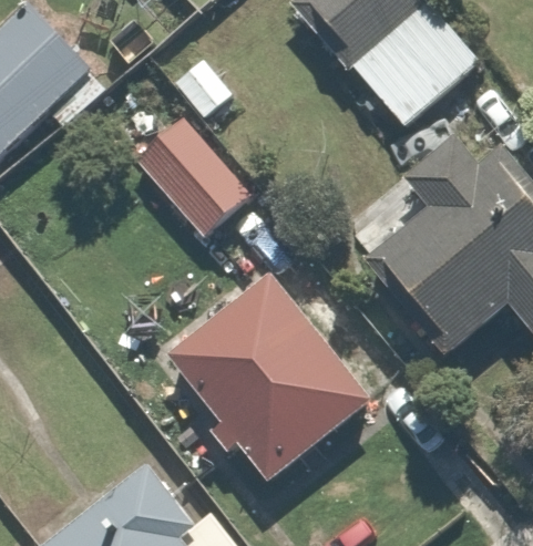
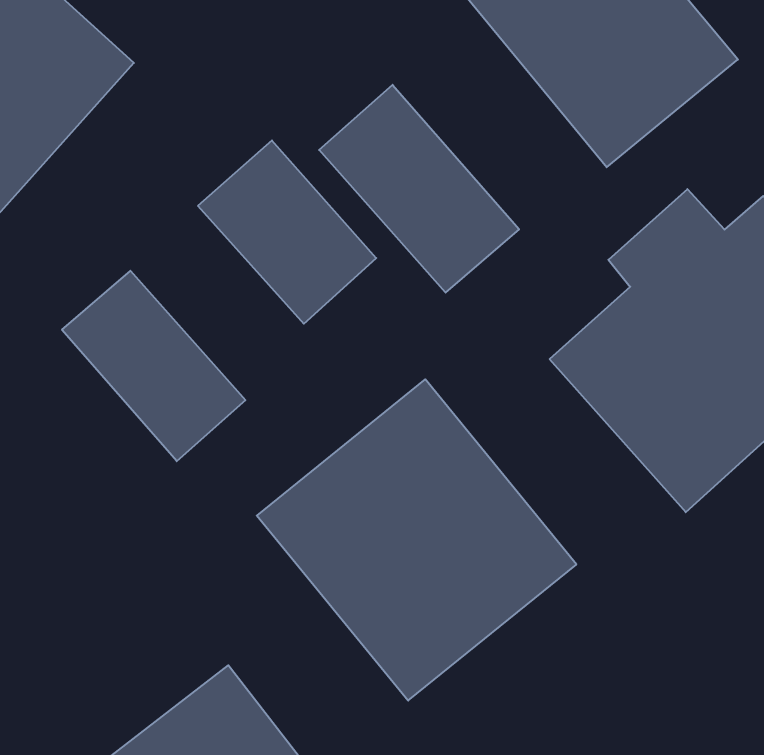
building: none -> [319,85,519,293]
building: none -> [62,271,245,461]

